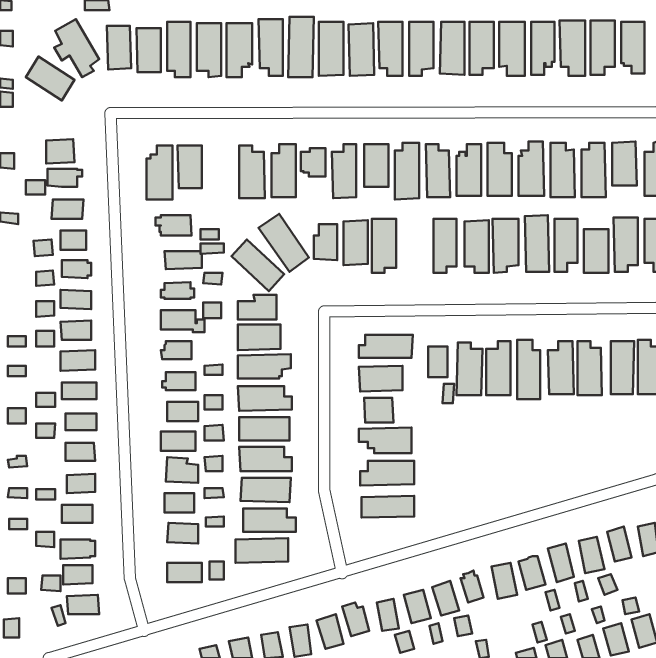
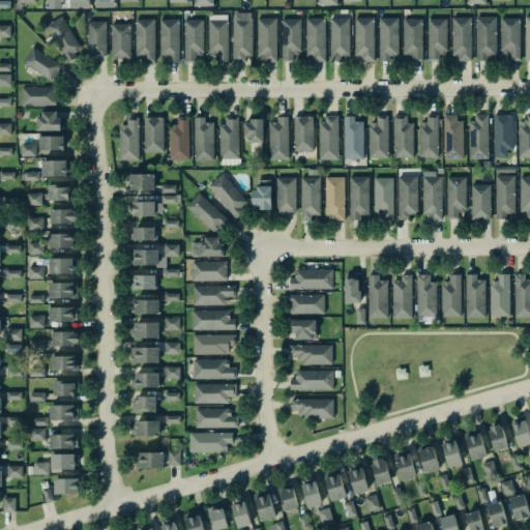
building: none -> [22,86,56,106]
building: none -> [170,117,188,159]
building: none -> [325,176,345,220]

